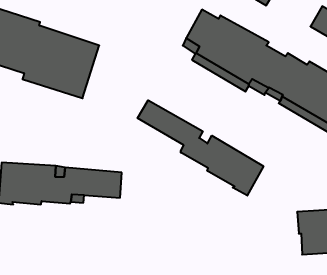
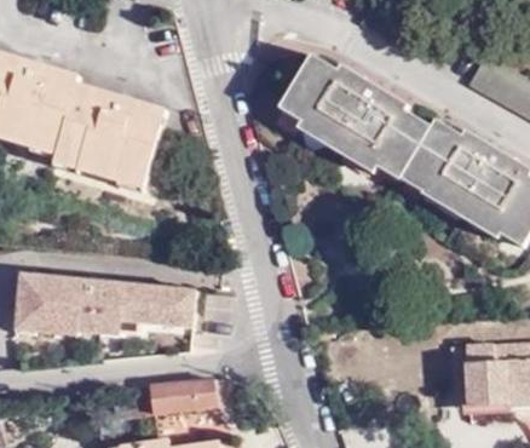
building: [138,100,263,196] -> none
building: none -> [126,384,215,418]

